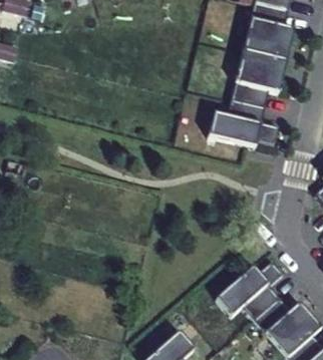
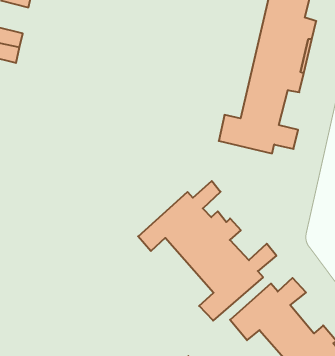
building: none -> [138,181,276,321]

